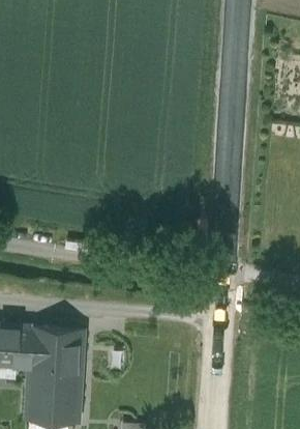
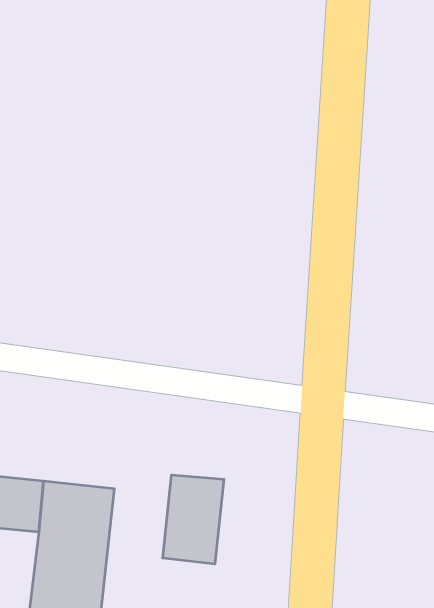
building: none -> [163,475,224,564]

